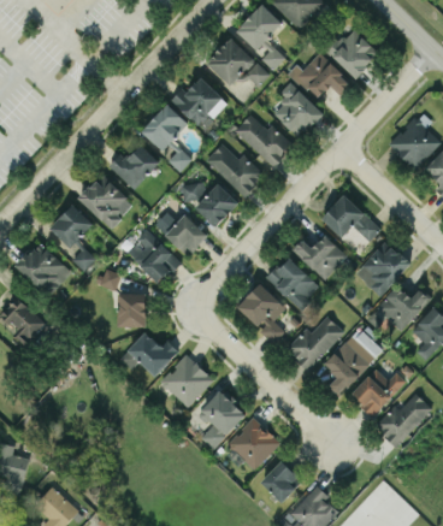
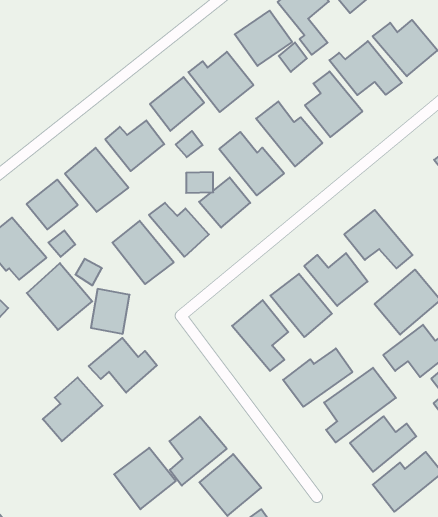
building: none -> [27,263,92,330]
building: [160,354,213,407] -> [114,448,176,509]
building: none -> [43,377,103,441]

